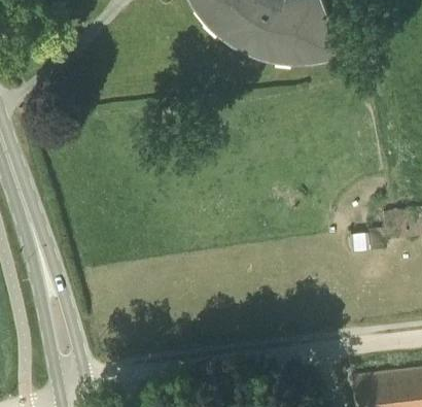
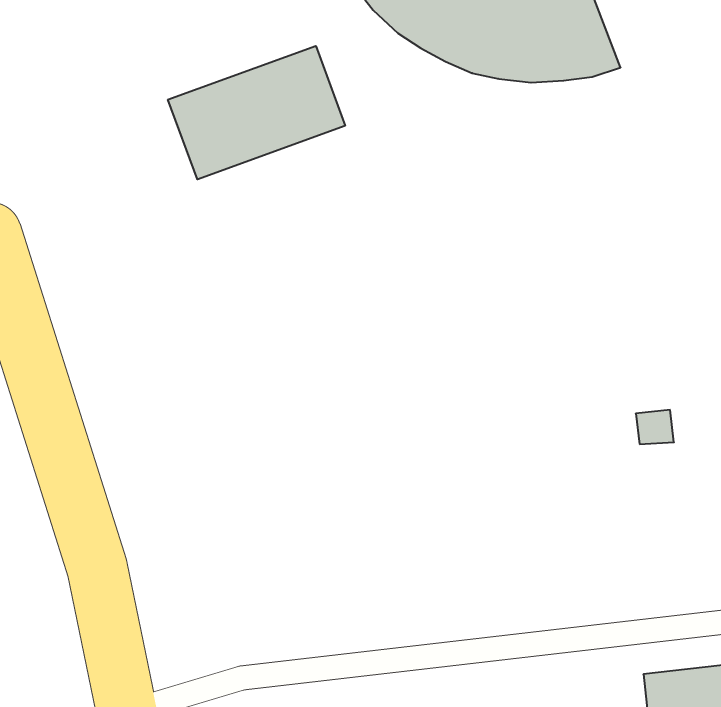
building: none -> [168,46,345,179]

